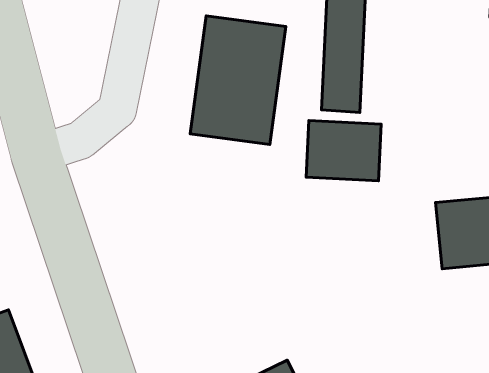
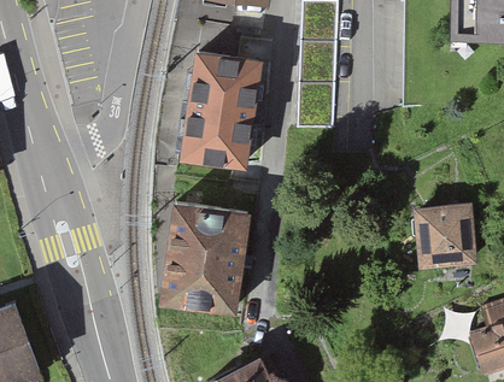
building: [306,121,381,181] -> none
building: none -> [157,201,253,312]

